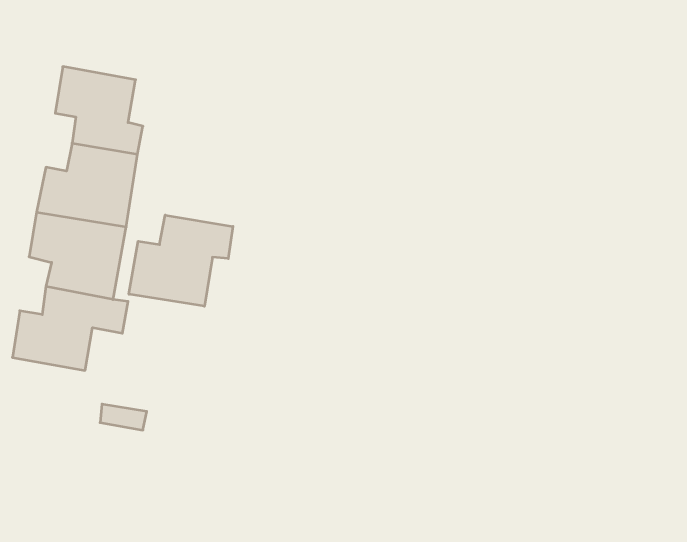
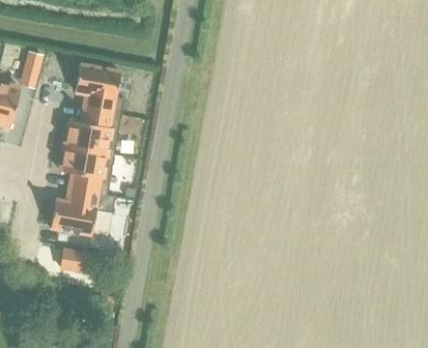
building: [129,215,233,306] -> none
building: none -> [59,250,97,276]

